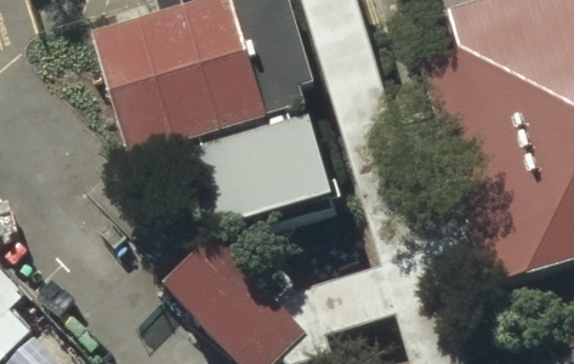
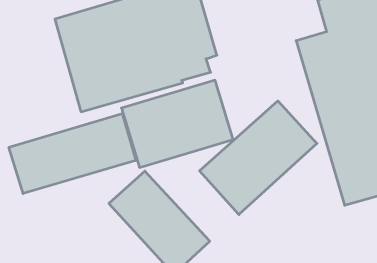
building: none -> [200,101,317,215]
building: none -> [9,113,136,194]

